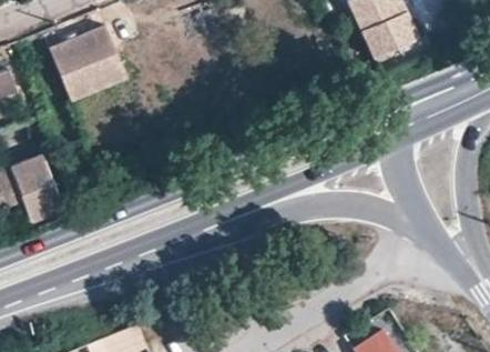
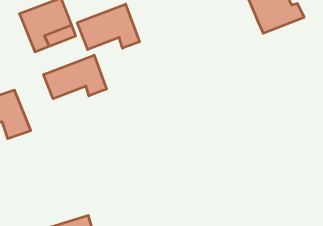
building: none -> [77,4,139,50]
building: none -> [44,55,106,99]

